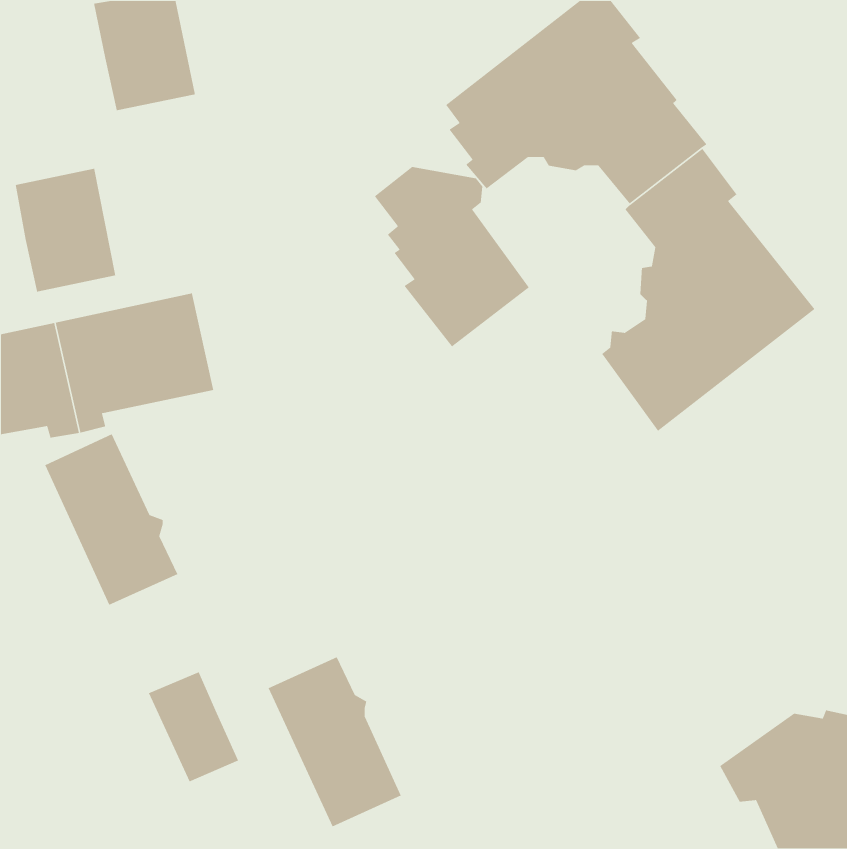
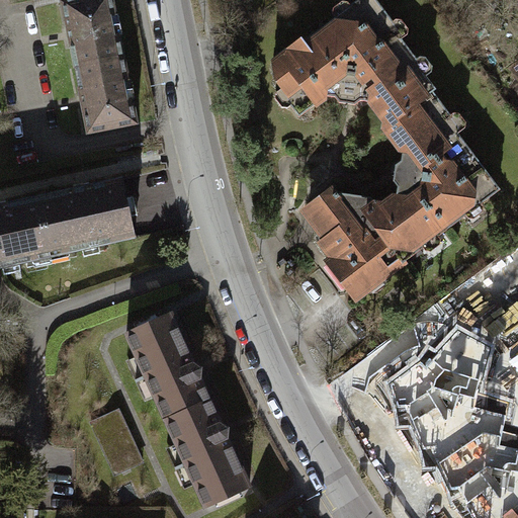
building: [374,166,530,347] -> [307,189,402,299]
building: [15,168,116,293] -> [72,58,134,134]
building: [44,433,179,606] -> [124,314,206,419]
building: none -> [391,330,511,467]

